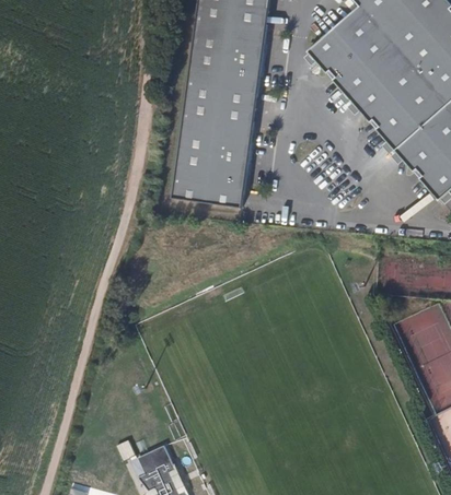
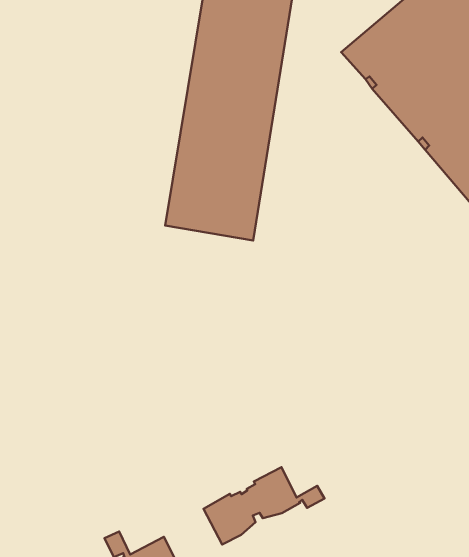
building: none -> [203,467,324,544]

